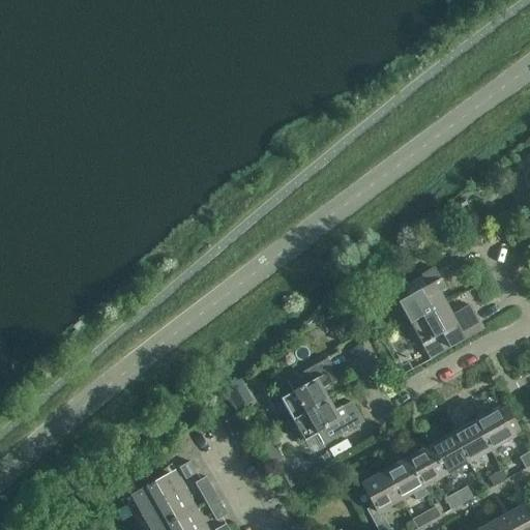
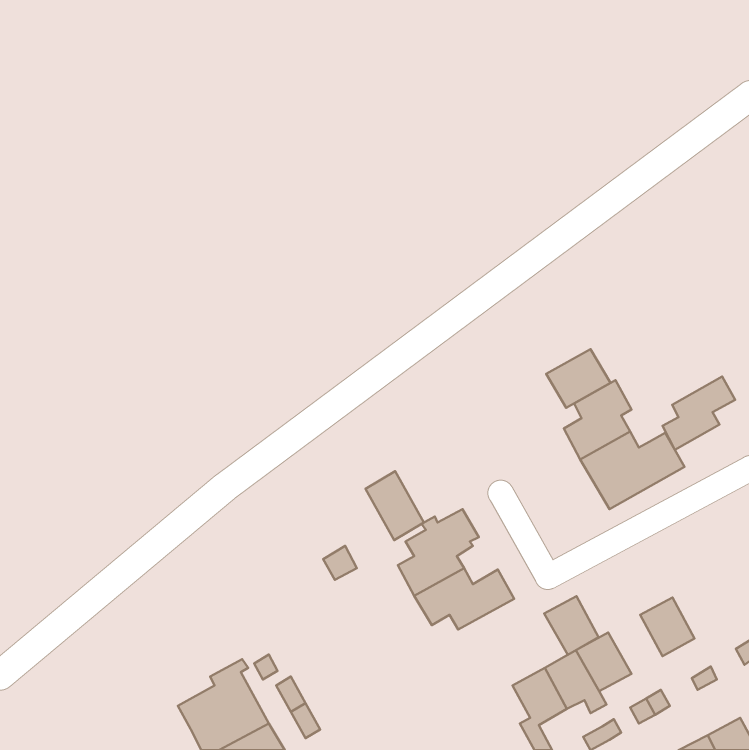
building: none -> [546,349,611,408]
building: none -> [662,377,735,450]
building: none -> [365,471,424,540]
building: [475,406,523,450] -> none
building: [430,434,468,475] -> [544,596,599,655]

